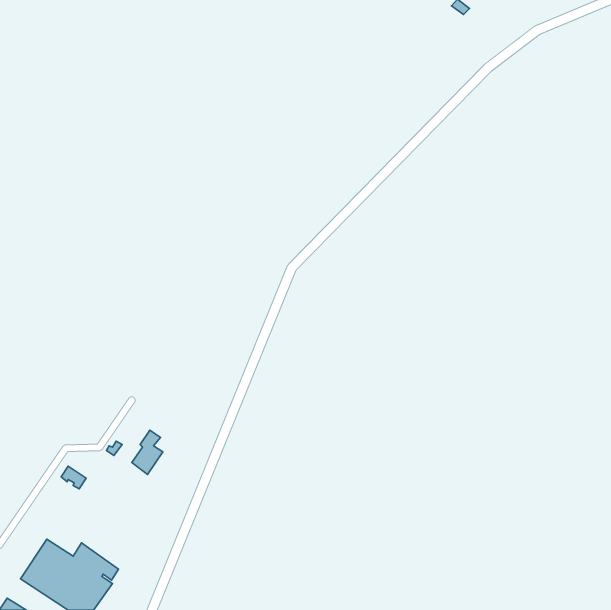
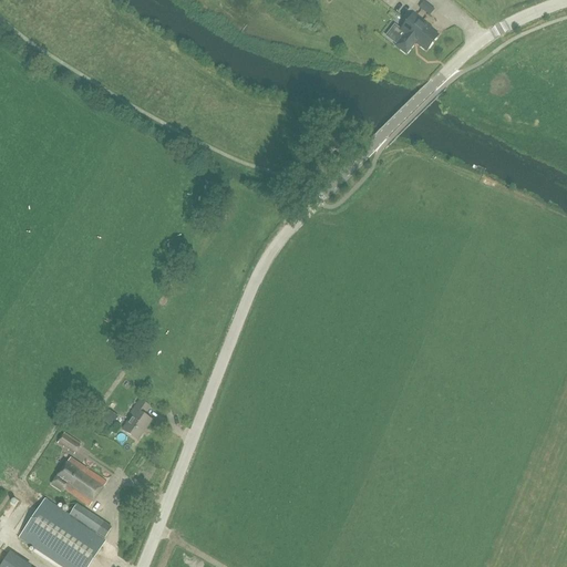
building: none -> [394,12,436,51]
building: none -> [51,455,105,505]

